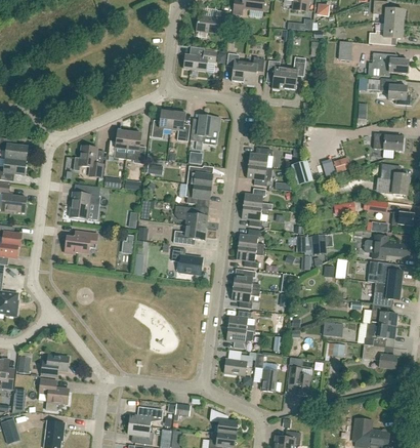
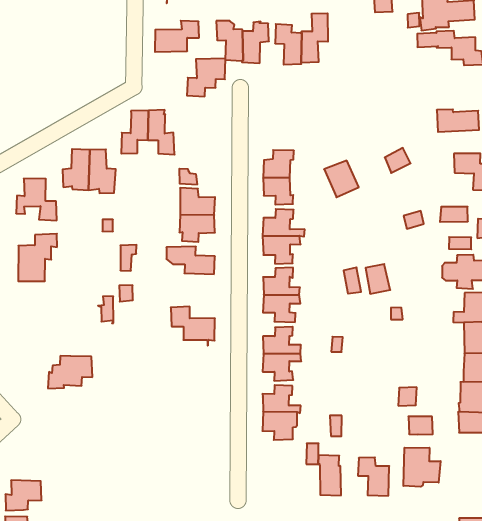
building: [190,115,219,141] -> [187,58,225,96]
building: [173,225,205,244] -> none
building: [64,231,96,253] -> [48,356,92,388]
building: [223,354,252,375] -> none
building: none -> [403,448,441,487]

